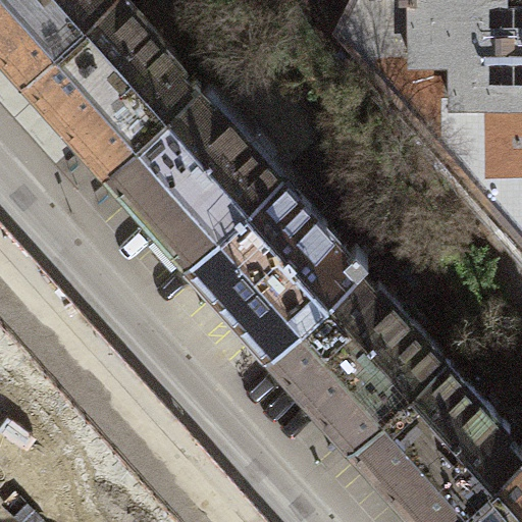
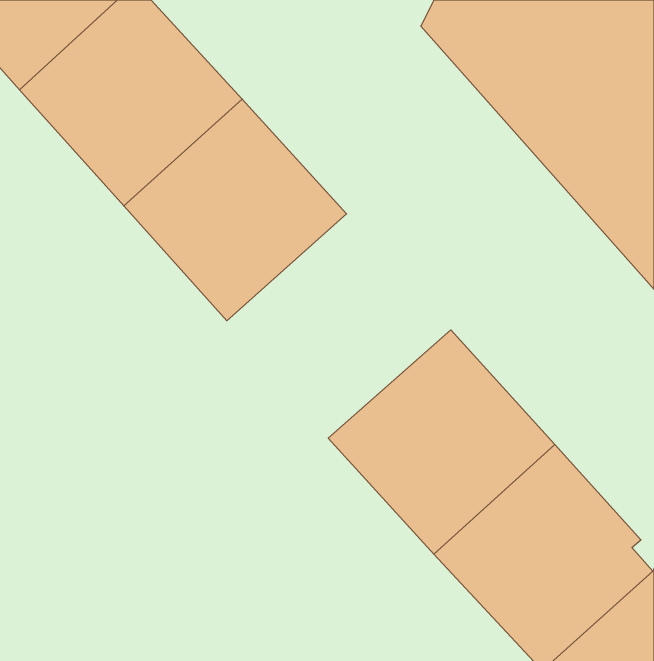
building: [177,171,353,347] -> none

